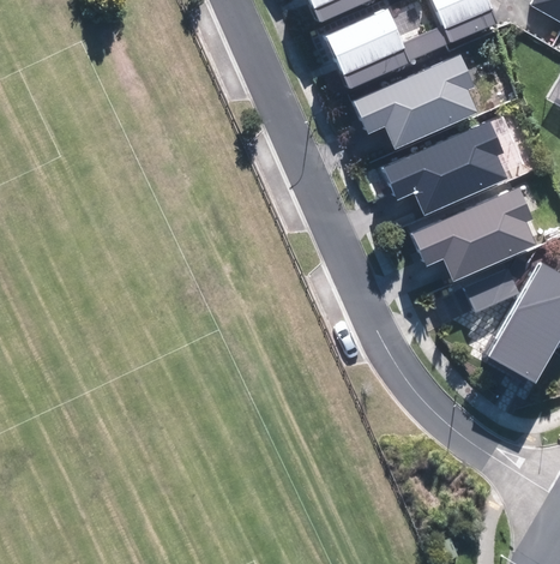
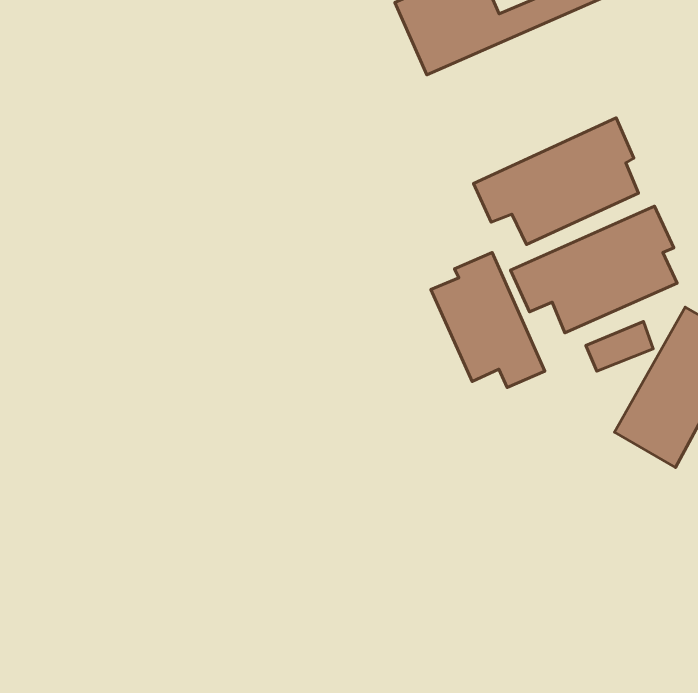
building: [355,54,478,149] -> none
building: none -> [431,253,545,387]

